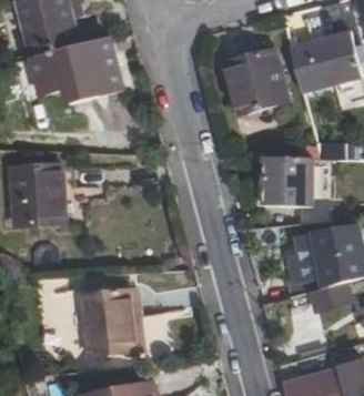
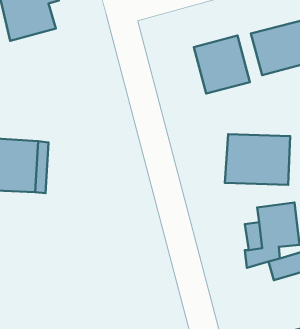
building: [31,37,122,101] -> none
building: [75,285,133,349] -> none

